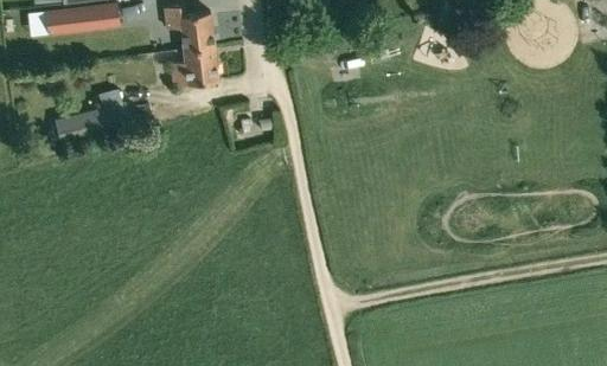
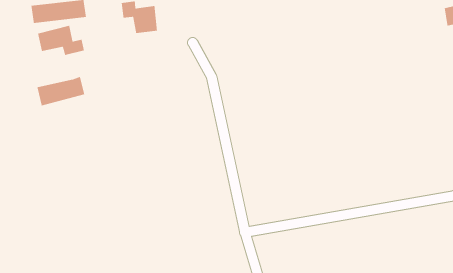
building: none -> [37,25,85,56]
building: [171,45,219,85] -> none

